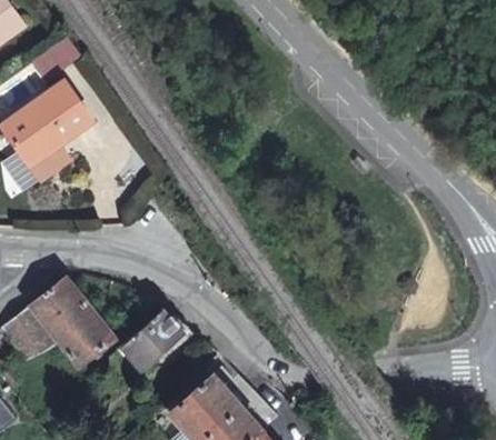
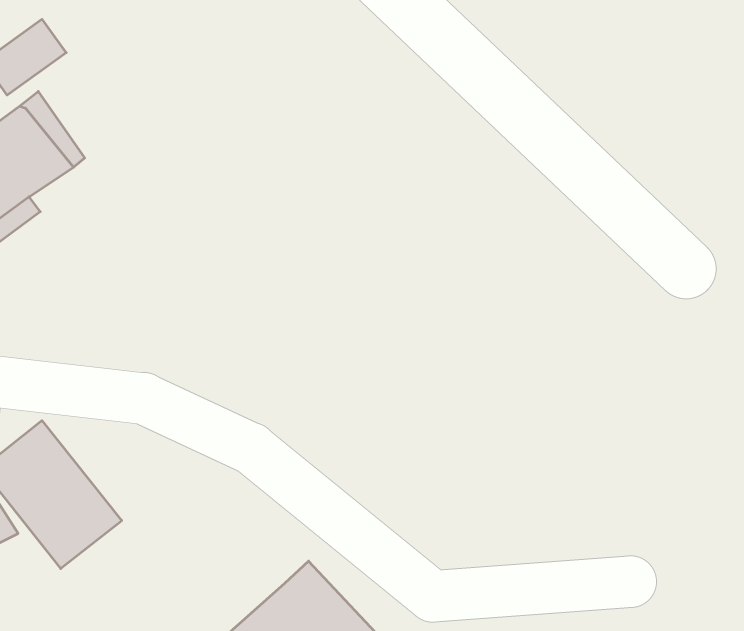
building: [119,310,185,373] -> none

